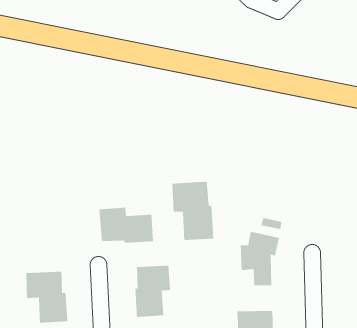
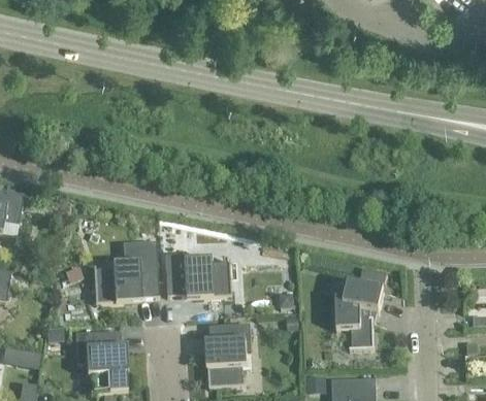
building: [171,181,214,241] -> none
building: none -> [92,240,158,303]

